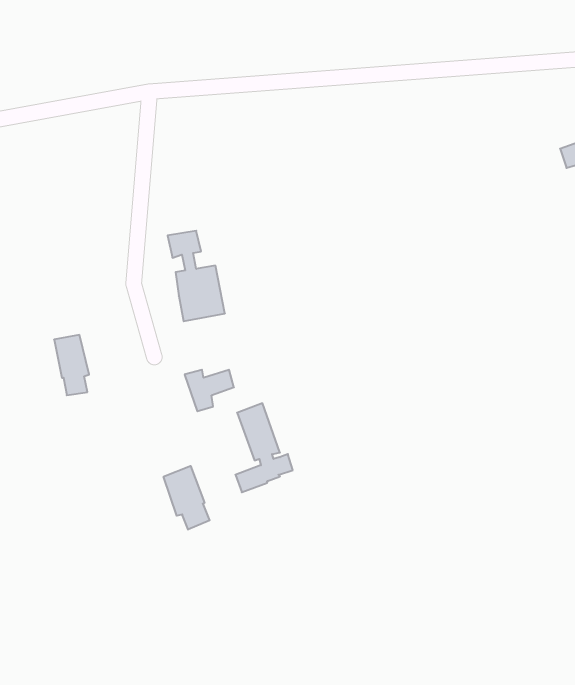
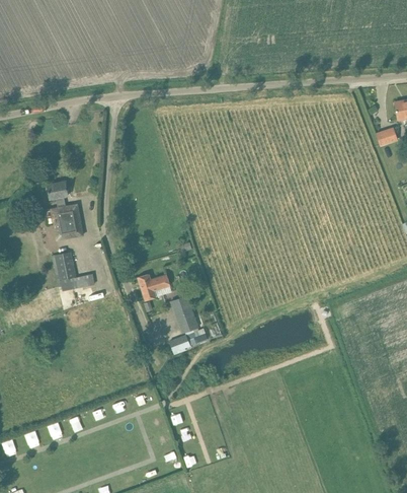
building: [168,231,225,321] -> [46,183,82,240]
building: [164,466,210,530] -> none

